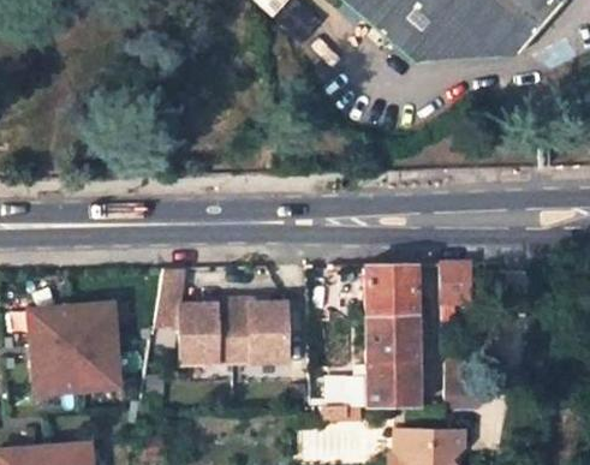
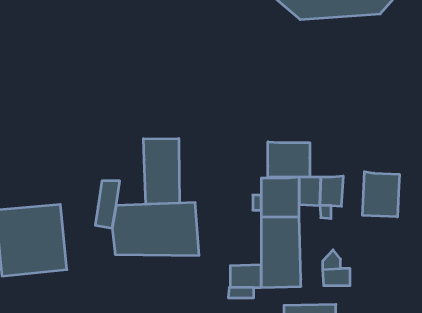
building: none -> [143,138,179,204]
building: none -> [268,142,310,177]
building: none -> [363,172,399,217]

